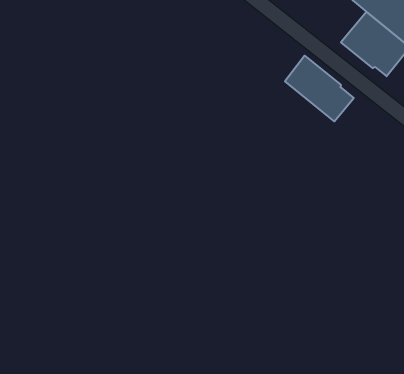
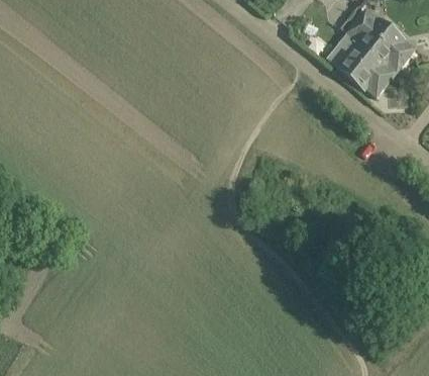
building: [285,56,354,121] -> none

